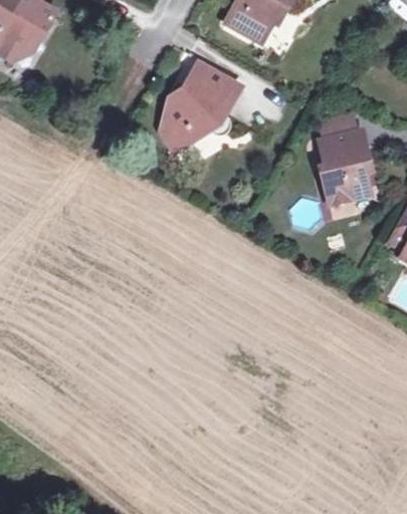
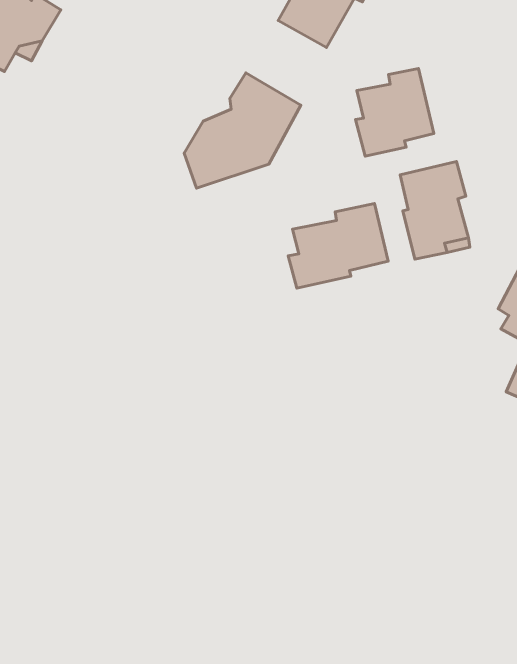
building: none -> [355,69,434,156]
building: none -> [288,204,388,288]

